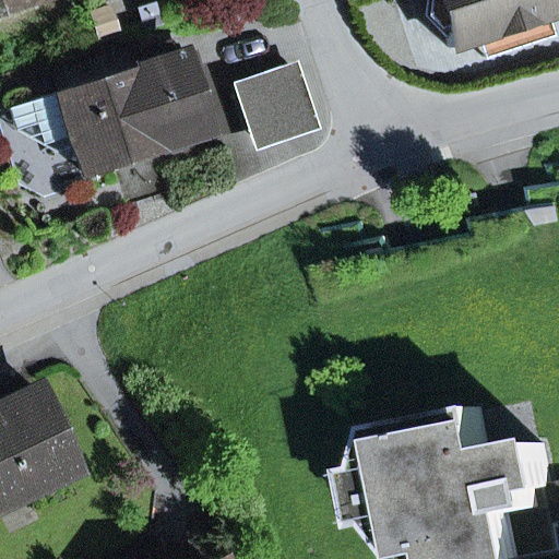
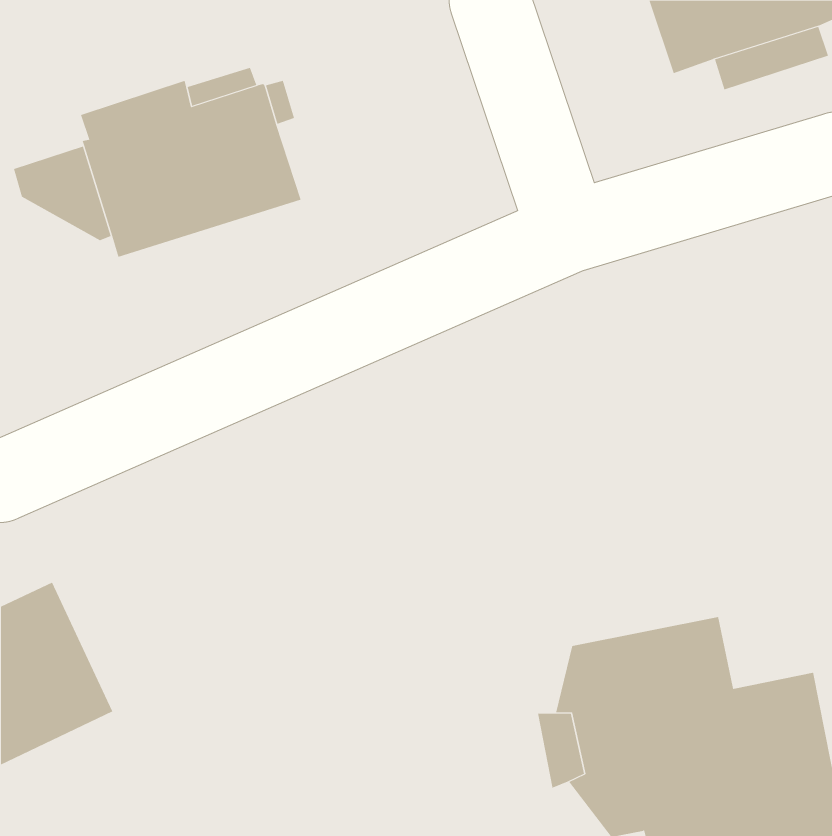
building: [237,68,316,148] -> none

